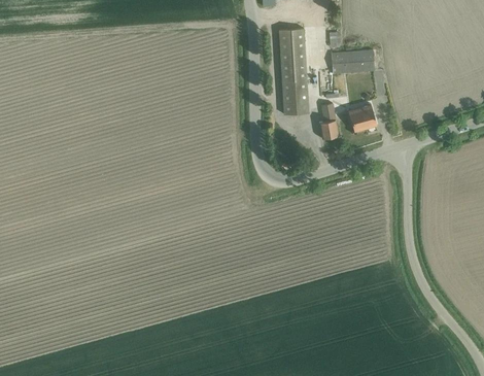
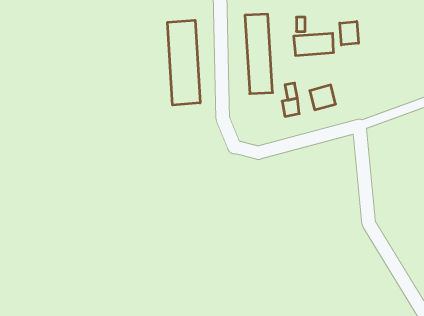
building: none -> [168,20,200,105]
building: none -> [340,21,358,45]

